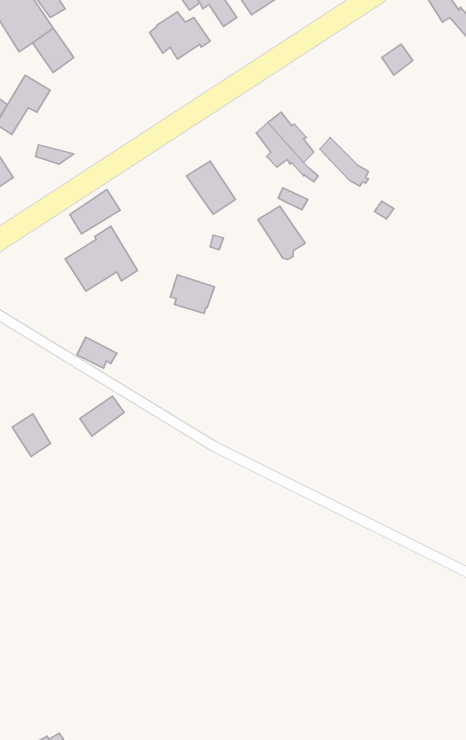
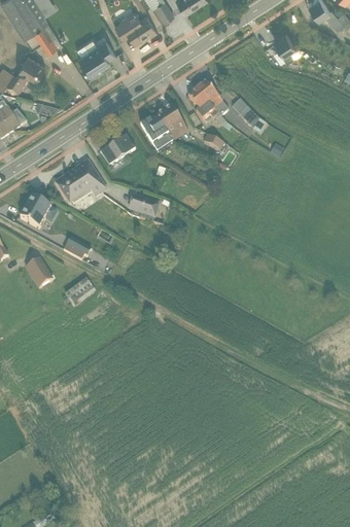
building: none -> [77,38,114,74]
building: [70,189,120,234] -> [100,133,135,164]
building: [258,206,305,260] -> [155,104,188,141]
building: none -> [20,195,56,226]
building: [12,414,51,457] -> [25,256,51,286]

